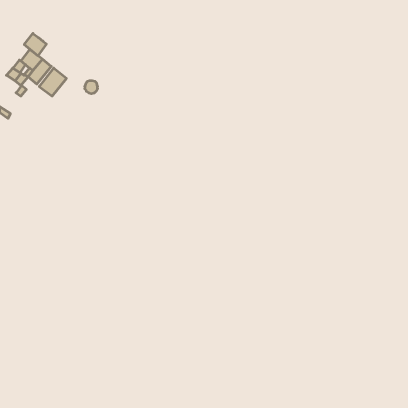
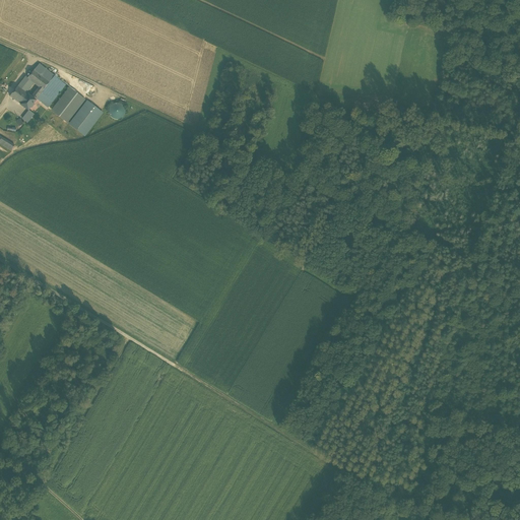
building: [24,33,46,56] -> none
building: none -> [67,100,103,136]

